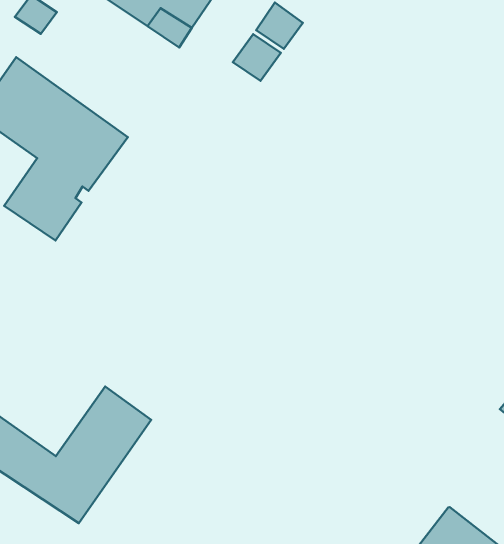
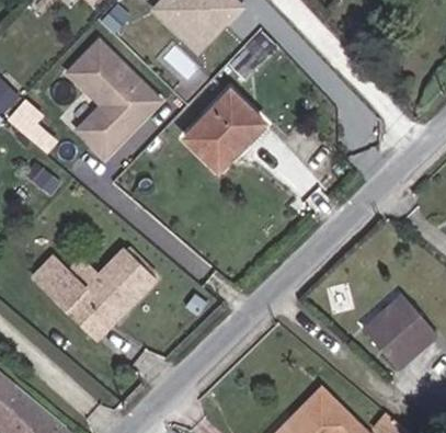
building: none -> [188,96,262,170]

